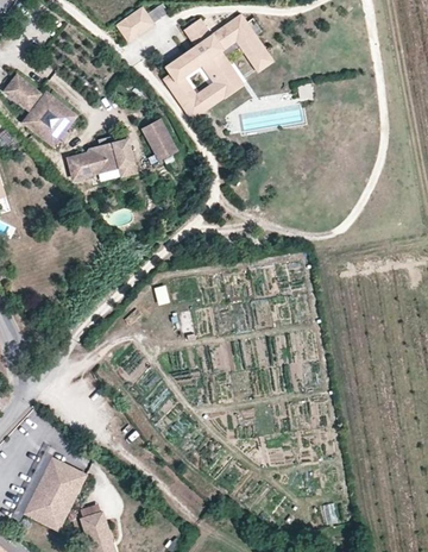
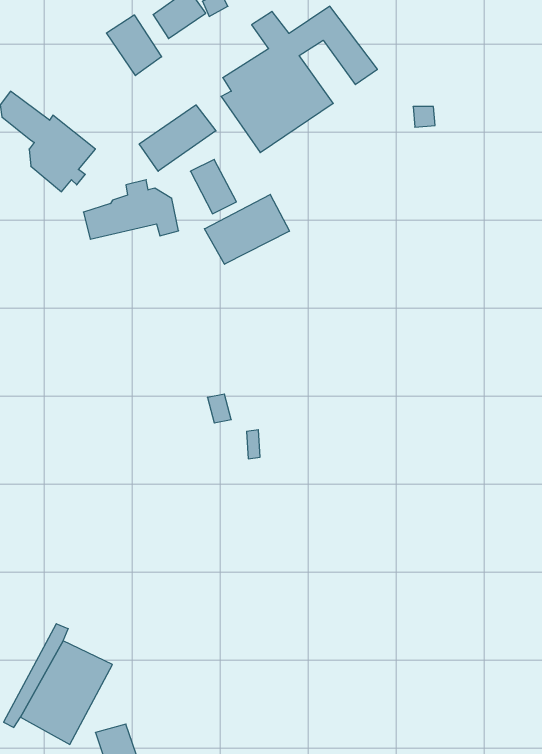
building: none -> [106,15,162,76]
building: none -> [139,105,216,171]
building: none -> [204,194,289,264]

